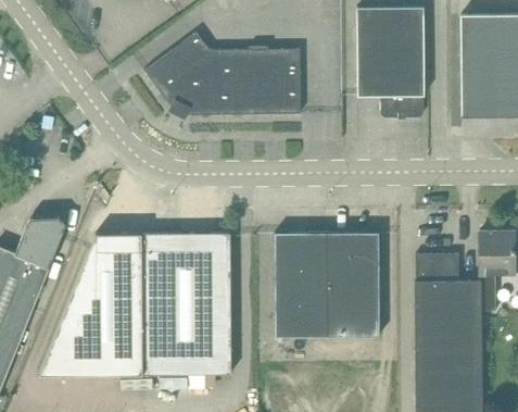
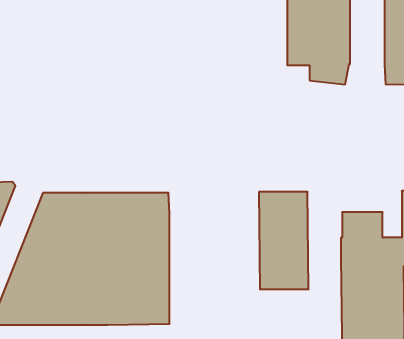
building: [146,32,301,118] -> none
building: [275,232,328,337] -> none

